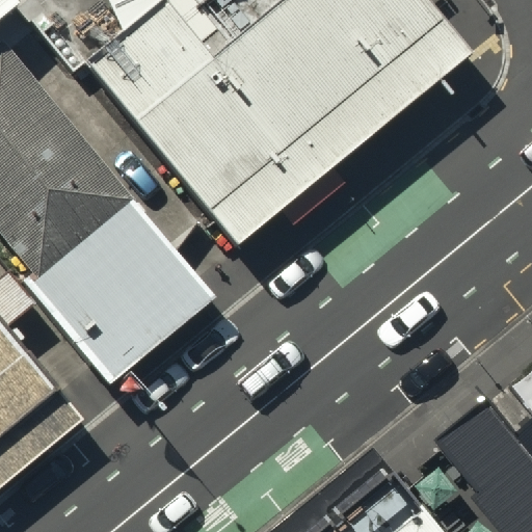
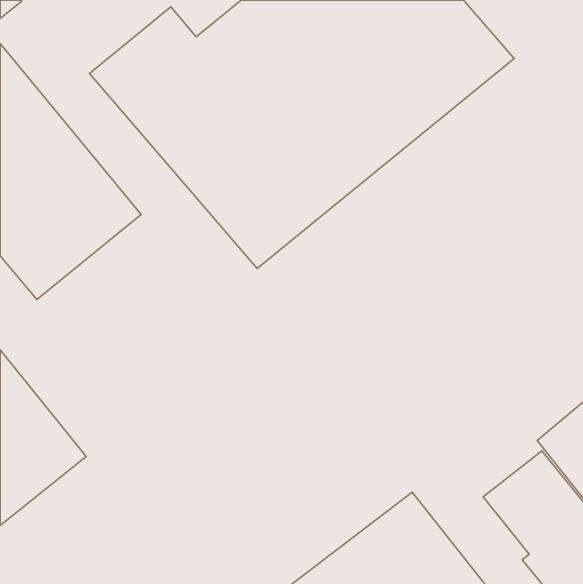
building: [26,196,211,379] -> none

